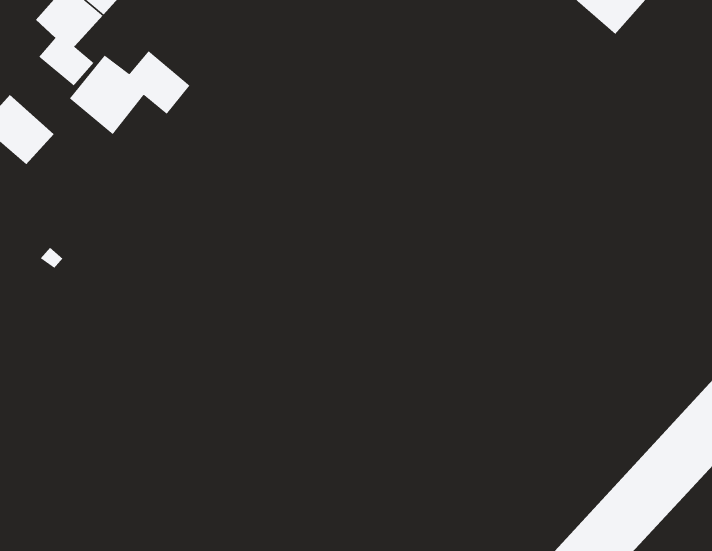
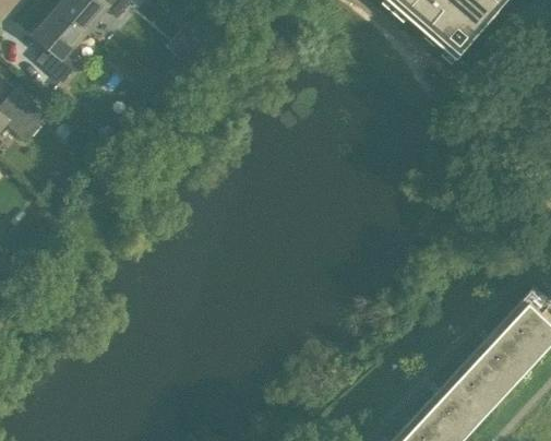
building: [69,50,190,135] -> none

